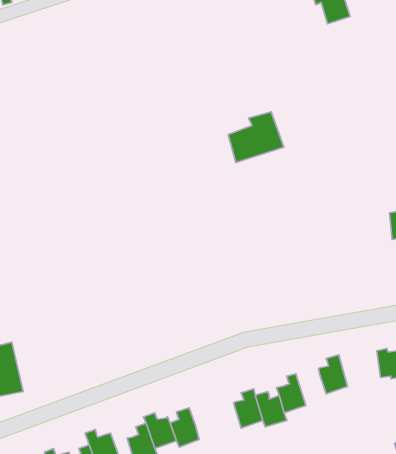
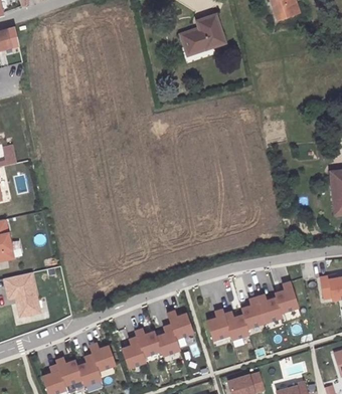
building: [228,112,284,162] -> [180,16,224,56]
building: none -> [255,295,281,323]
building: none -> [167,311,193,339]

